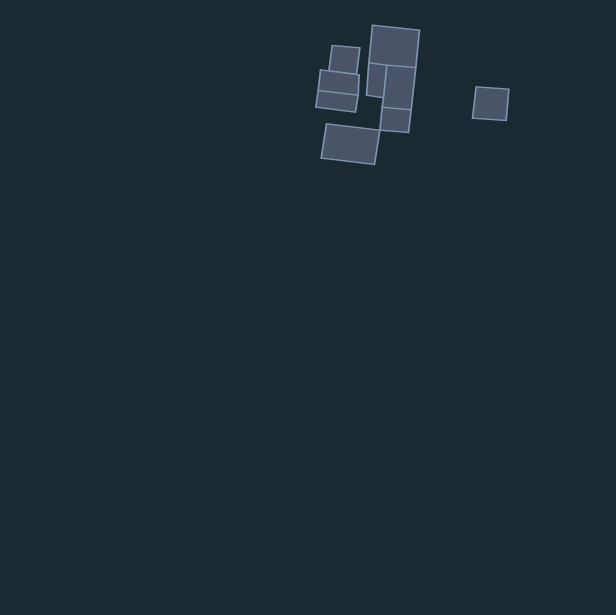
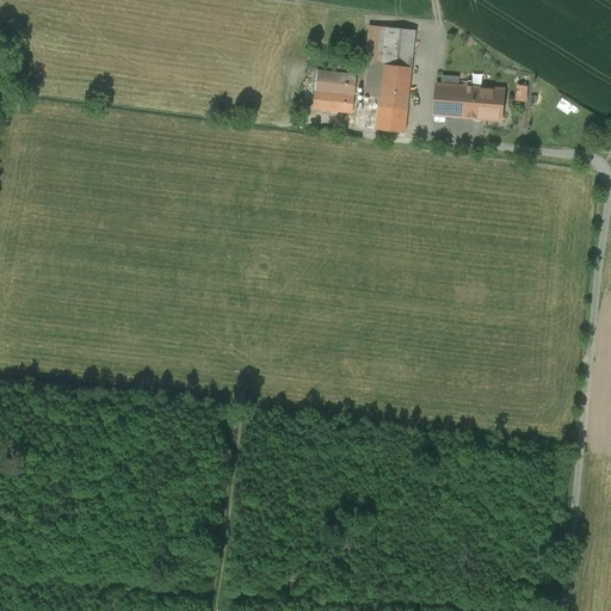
building: [329,45,360,74] -> none
building: none -> [433,82,471,117]
building: [321,124,380,165] -> none

